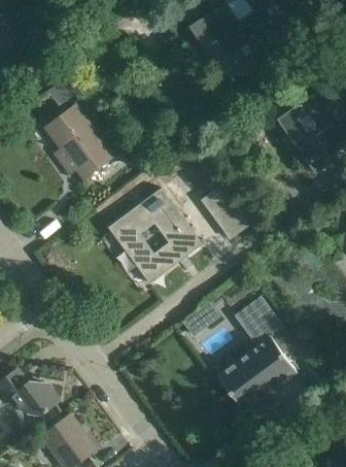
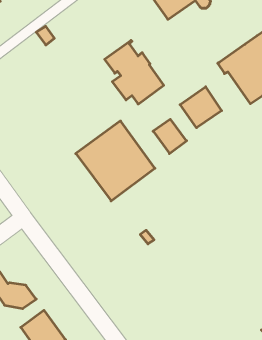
building: [43,104,114,180] -> [105,40,164,104]
building: none -> [180,87,222,128]
building: [217,298,296,410] -> none

